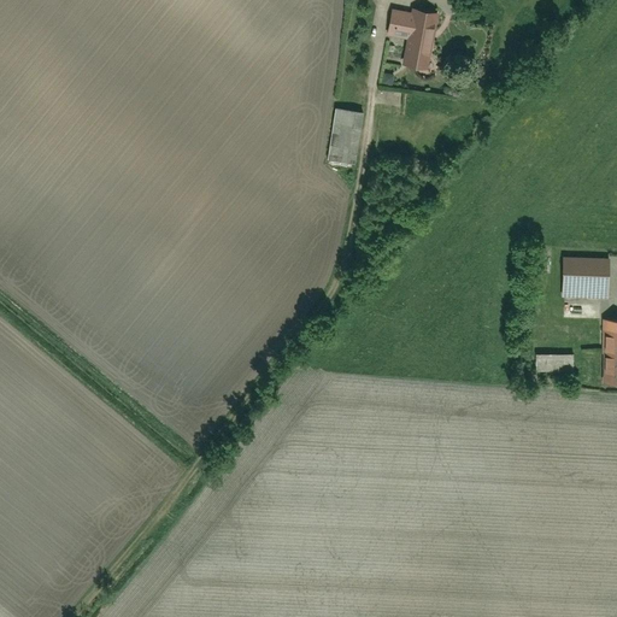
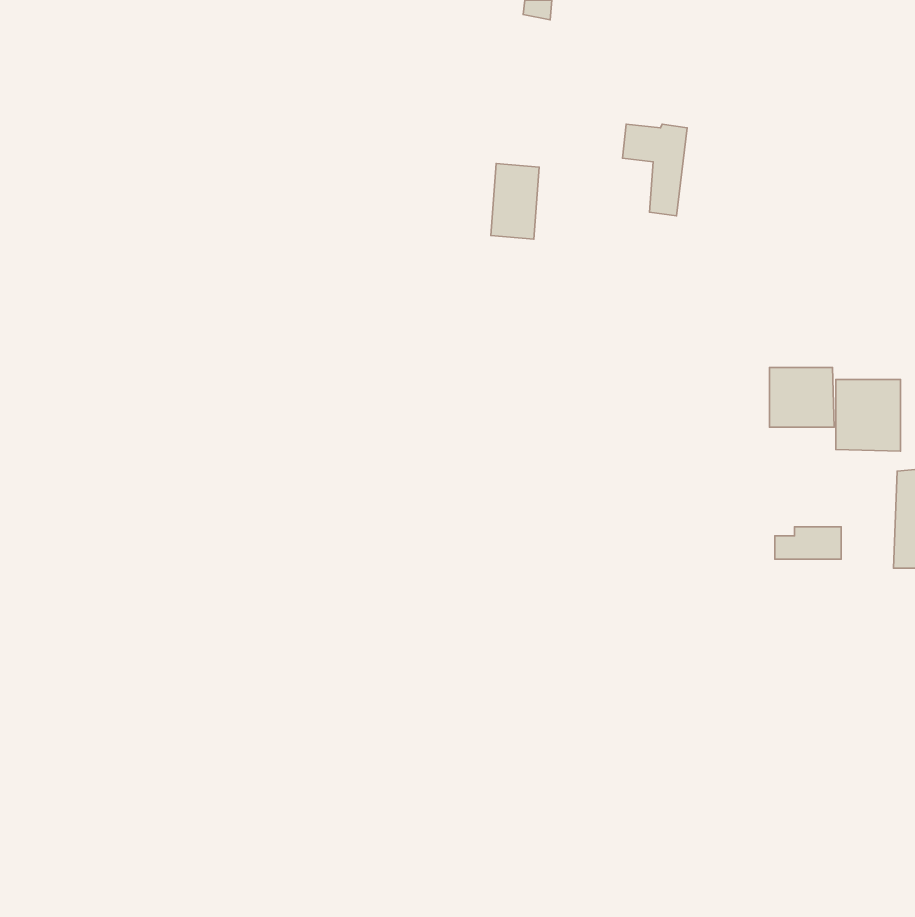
building: [393,10,436,71] -> [623,124,687,216]
building: none -> [769,368,834,427]

